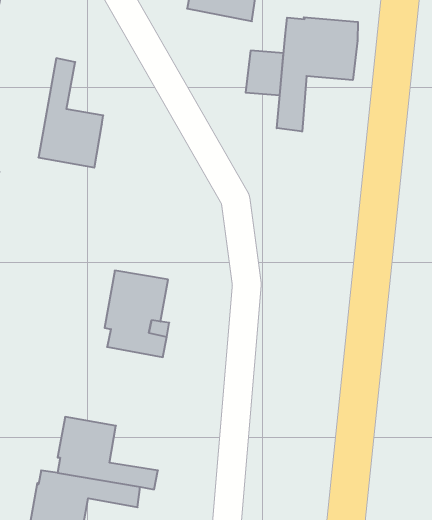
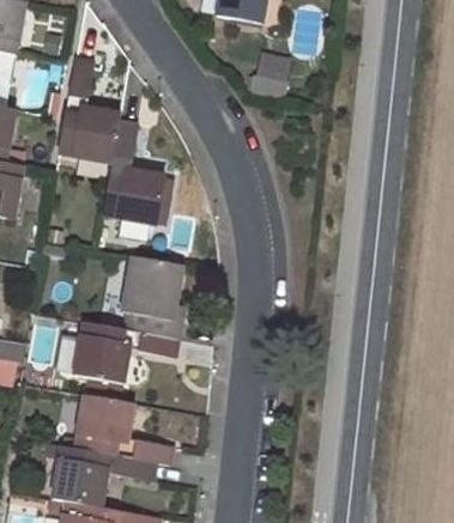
building: [277,17,358,132] -> none
building: none -> [104,120,164,223]
building: none -> [74,322,177,383]

